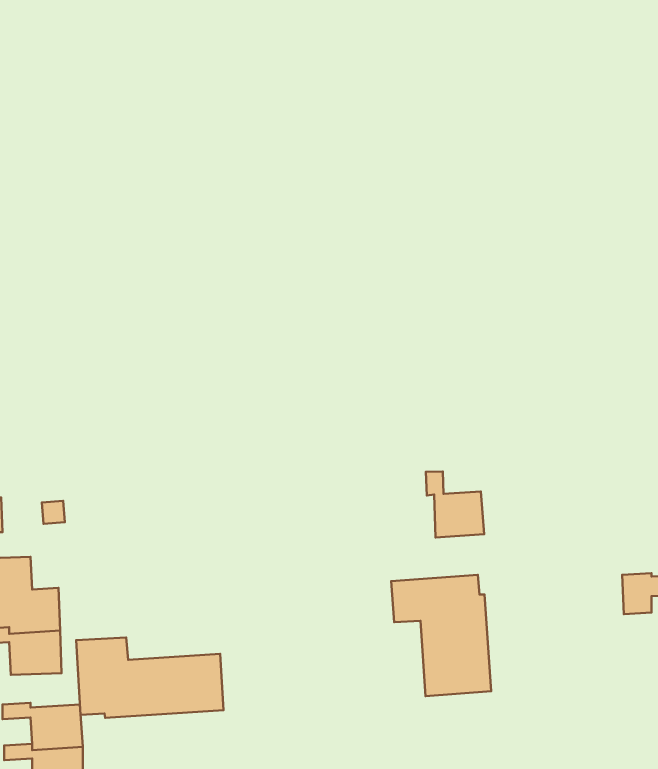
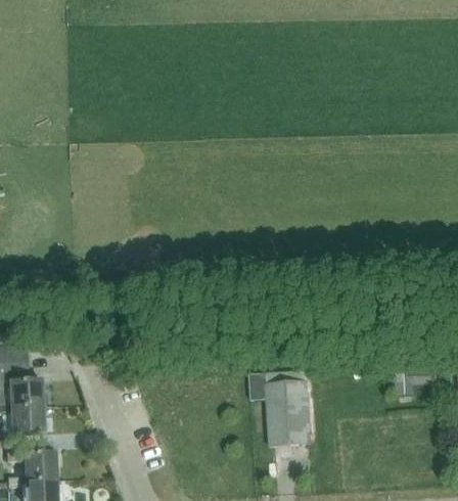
building: [426,472,484,538] -> none
building: [76,637,224,718] -> none

